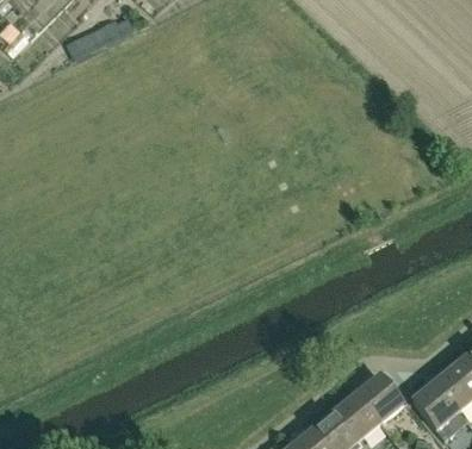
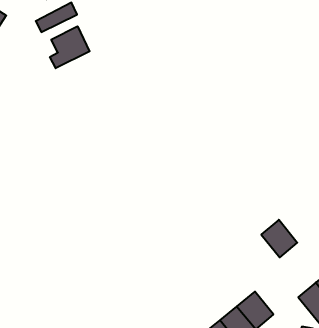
building: none -> [50,26,90,68]
building: [355,374,402,423] -> [261,220,297,257]

